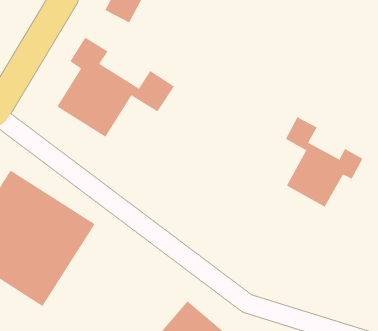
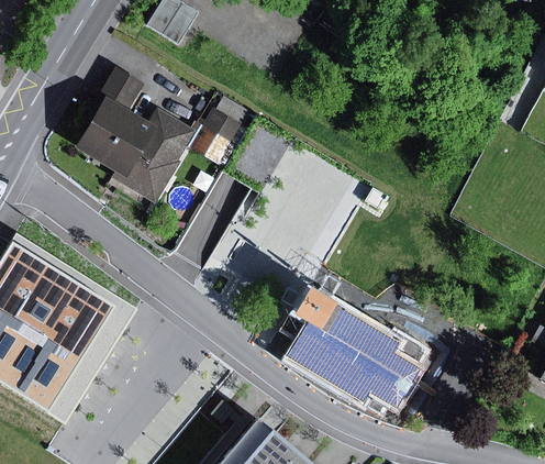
building: [285,116,363,208] -> none
building: none -> [287,288,431,417]

